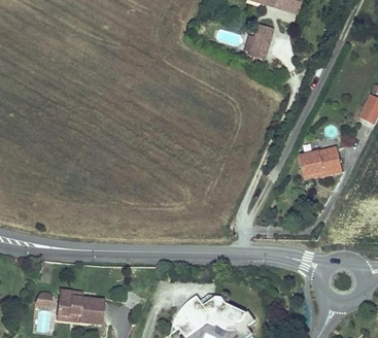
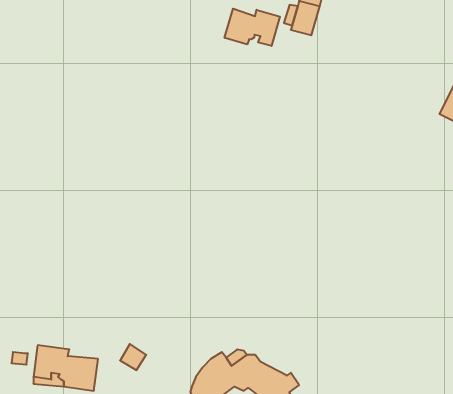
building: none -> [225,9,280,46]
building: [299,147,342,176] -> none

